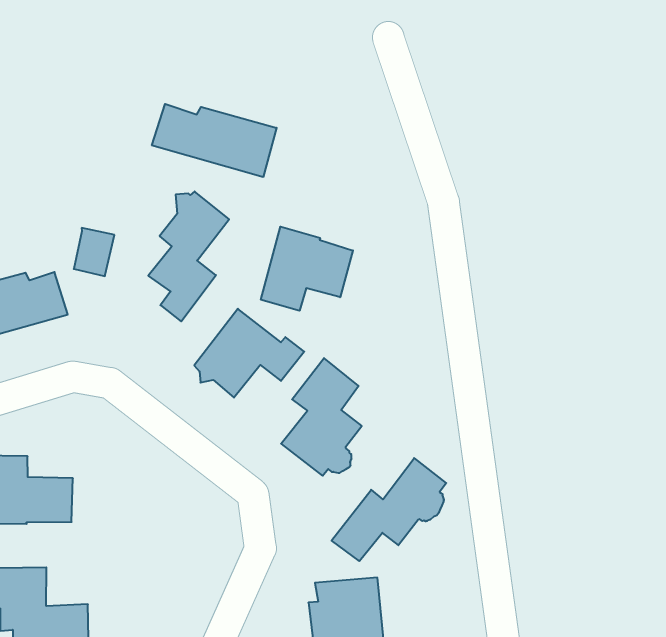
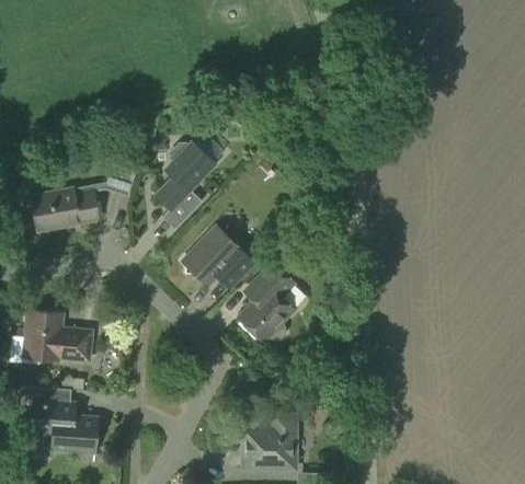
building: [152,104,277,177] -> none
building: [261,227,353,311] -> none
building: [332,458,446,561] -> none

